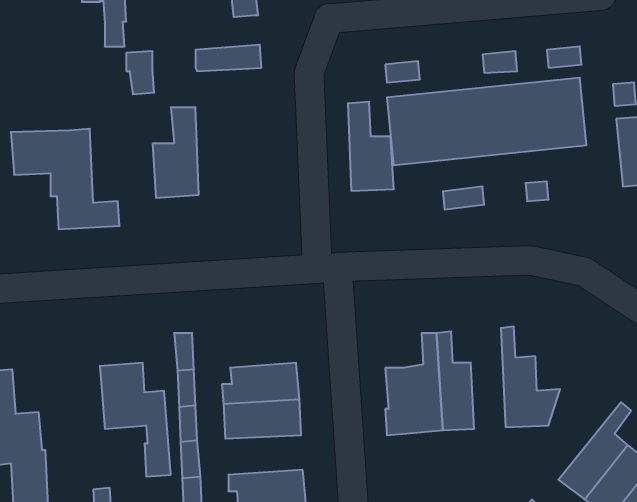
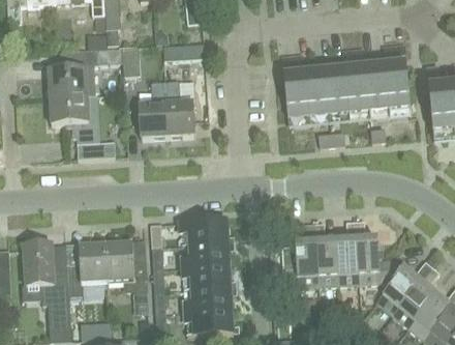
building: none -> [47,47,107,94]
building: [348,102,394,191] -> [163,78,192,134]
building: none -> [178,217,226,242]
building: none -> [336,218,358,281]
building: none -> [65,236,107,294]
building: none -> [374,256,430,313]
building: none -> [182,285,231,310]

